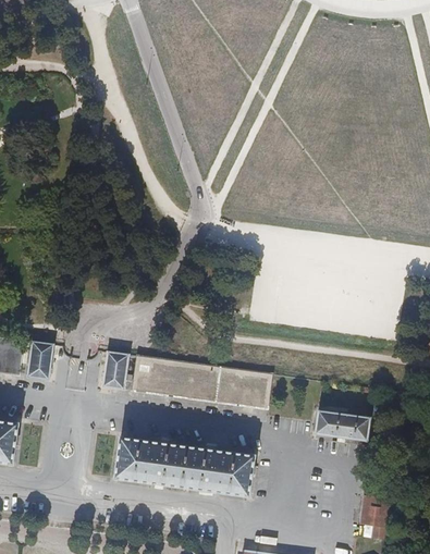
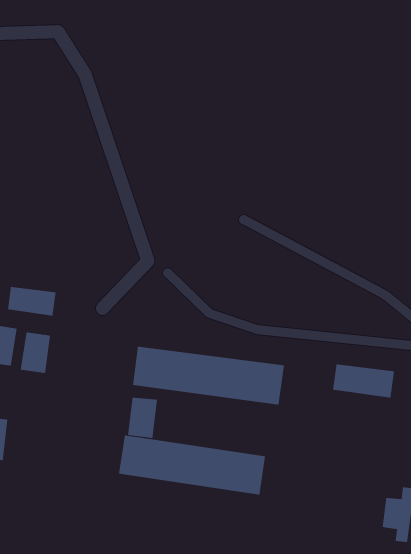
building: none -> [7,286,56,317]
building: [102,353,131,391] -> [127,397,158,439]
building: [314,409,371,441] -> [332,364,395,398]

